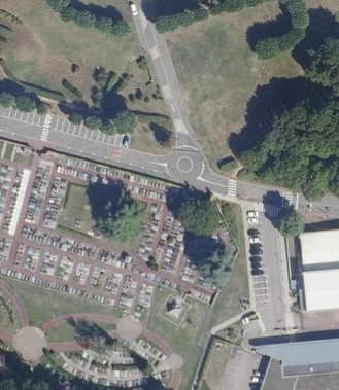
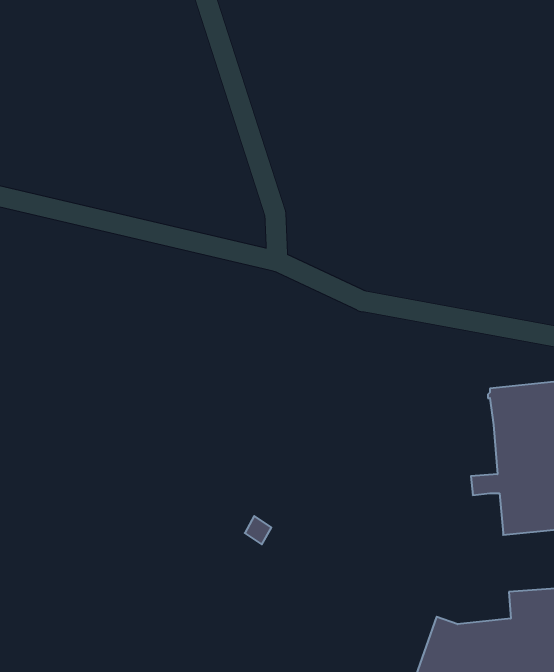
building: [255,344,311,361] -> none

